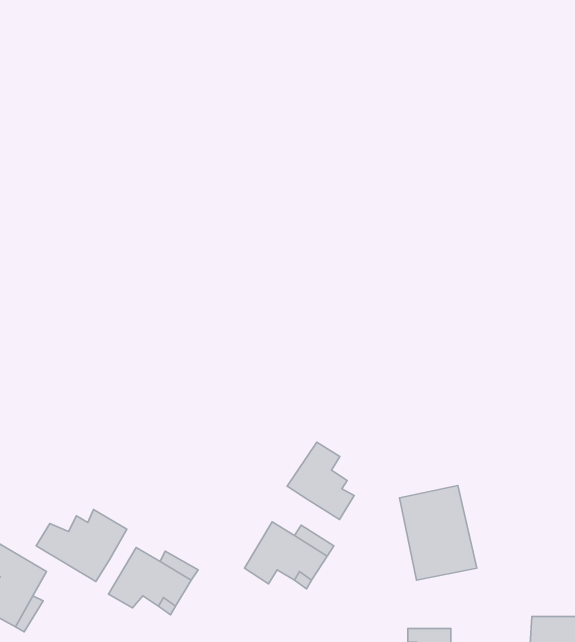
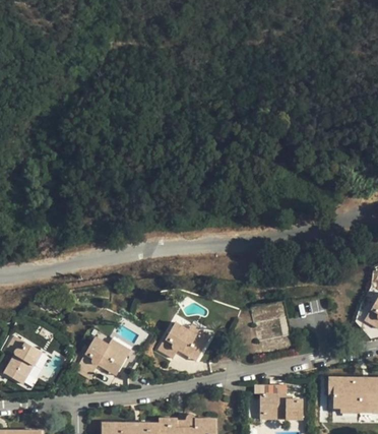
building: [287,442,354,519] -> none
building: [36,509,127,581] -> none

